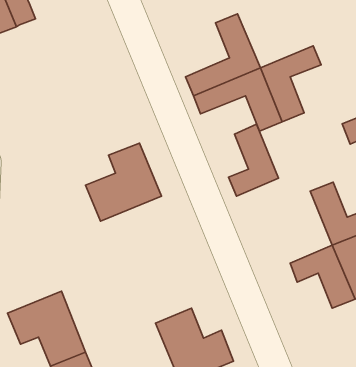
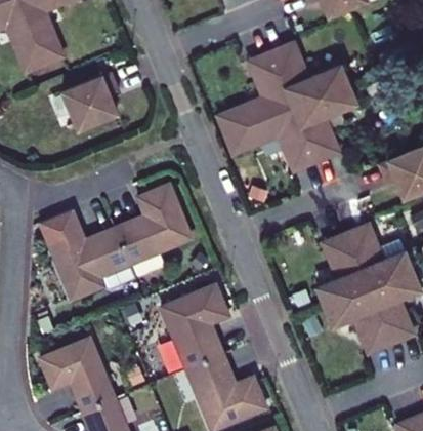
building: none -> [270,42,348,107]
building: none -> [62,72,119,129]
building: [229,124,278,196] -> [316,233,368,307]
building: none -> [46,222,130,299]
building: none -> [161,283,228,368]

